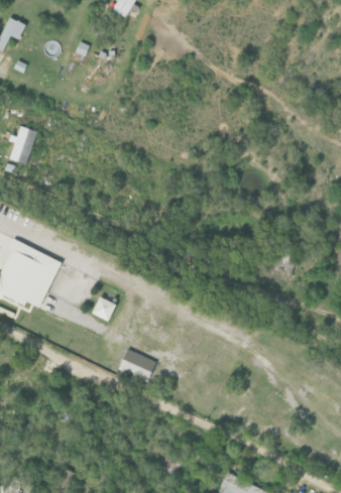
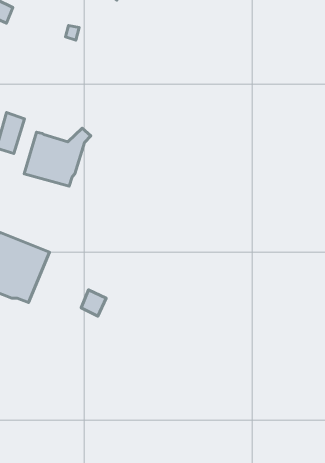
building: none -> [24,128,91,186]
building: [118,350,155,382] -> none

